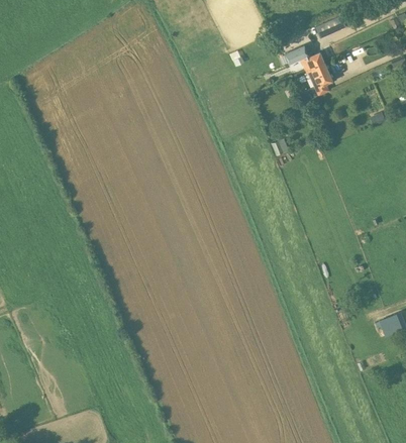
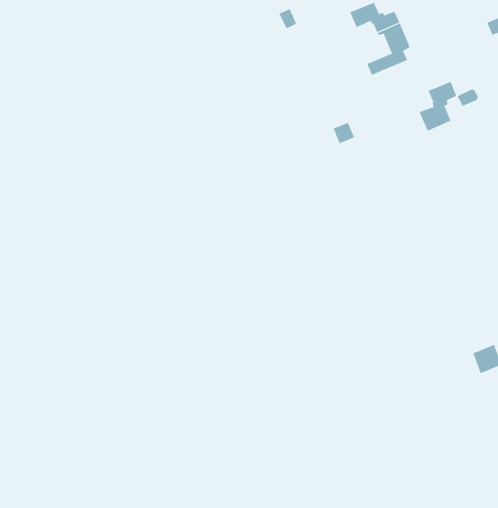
building: none -> [419,81,457,131]

